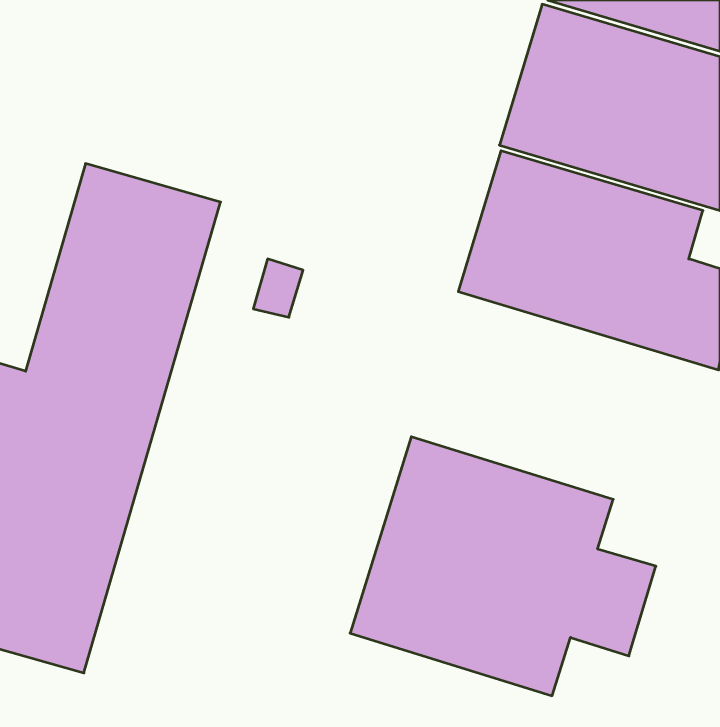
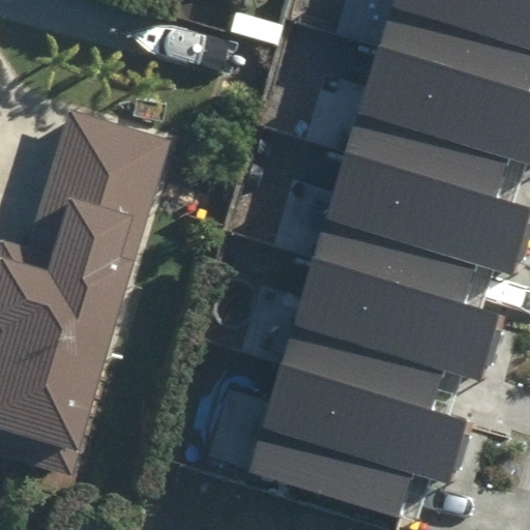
building: none -> [303,214,513,375]

